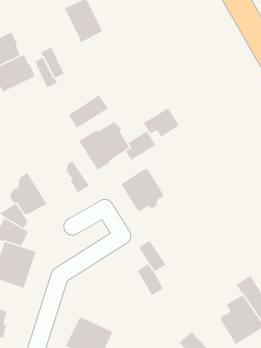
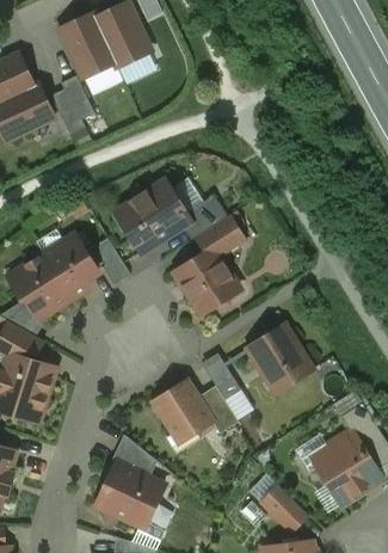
building: none -> [57,14,115,79]
building: [68,95,109,129] -> none
building: [143,107,180,138] -> [192,214,246,258]
building: none -> [41,234,97,301]
building: none -> [247,325,312,392]
building: none -> [152,380,211,436]
building: none -> [110,434,156,478]

